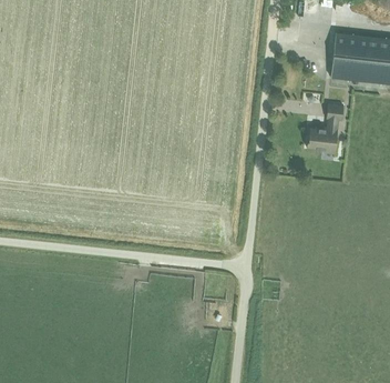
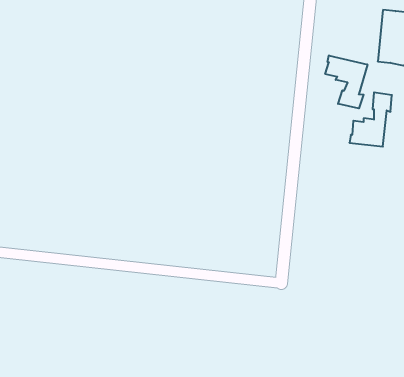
building: none -> [325,55,367,108]

